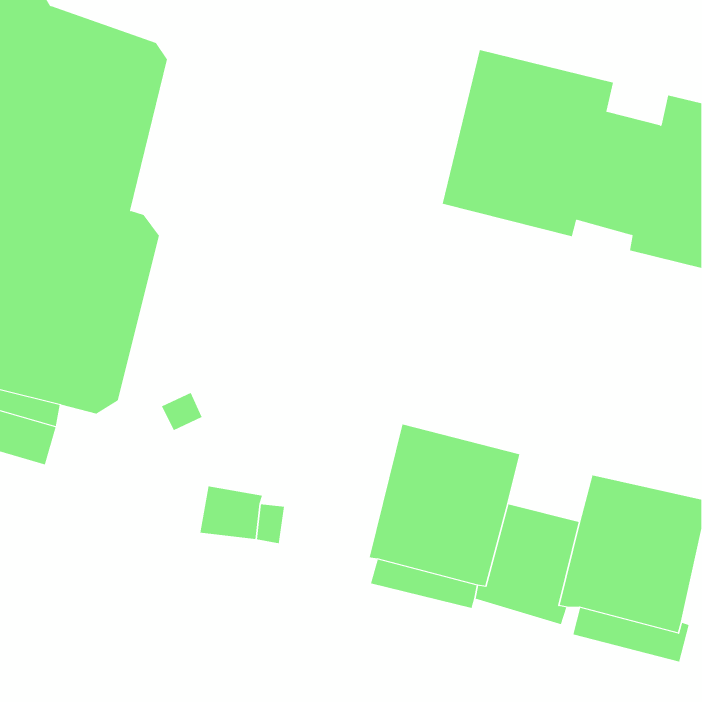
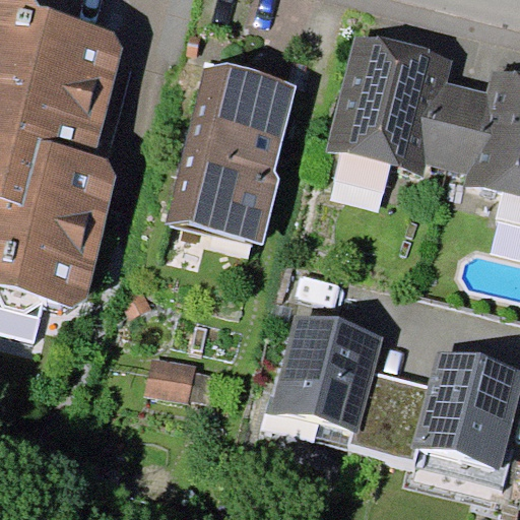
building: none -> [165,61,296,243]

